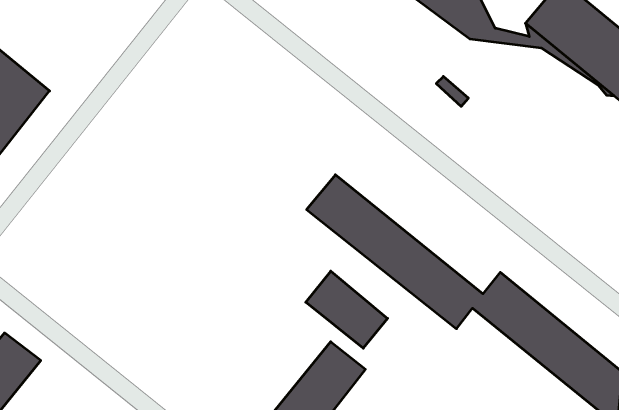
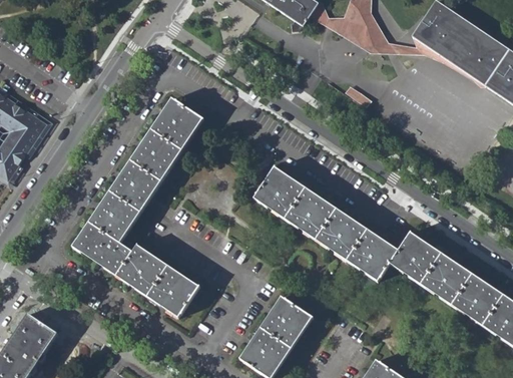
building: none -> [71,99,201,316]
building: [306,271,388,348] -> none

